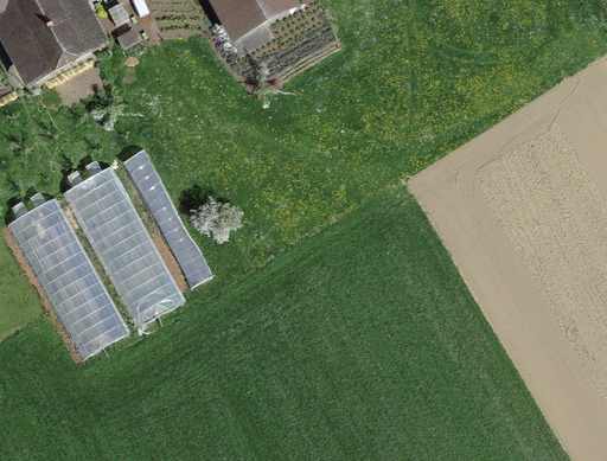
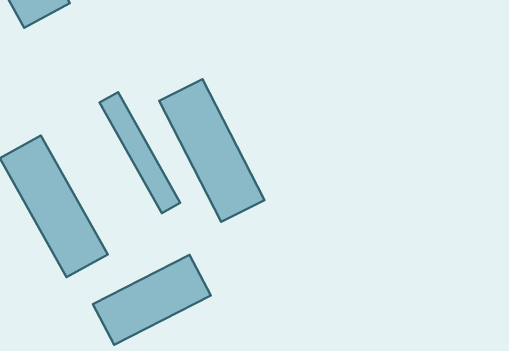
building: [64,165,185,328] -> [159,79,264,222]
building: none -> [93,255,211,345]

